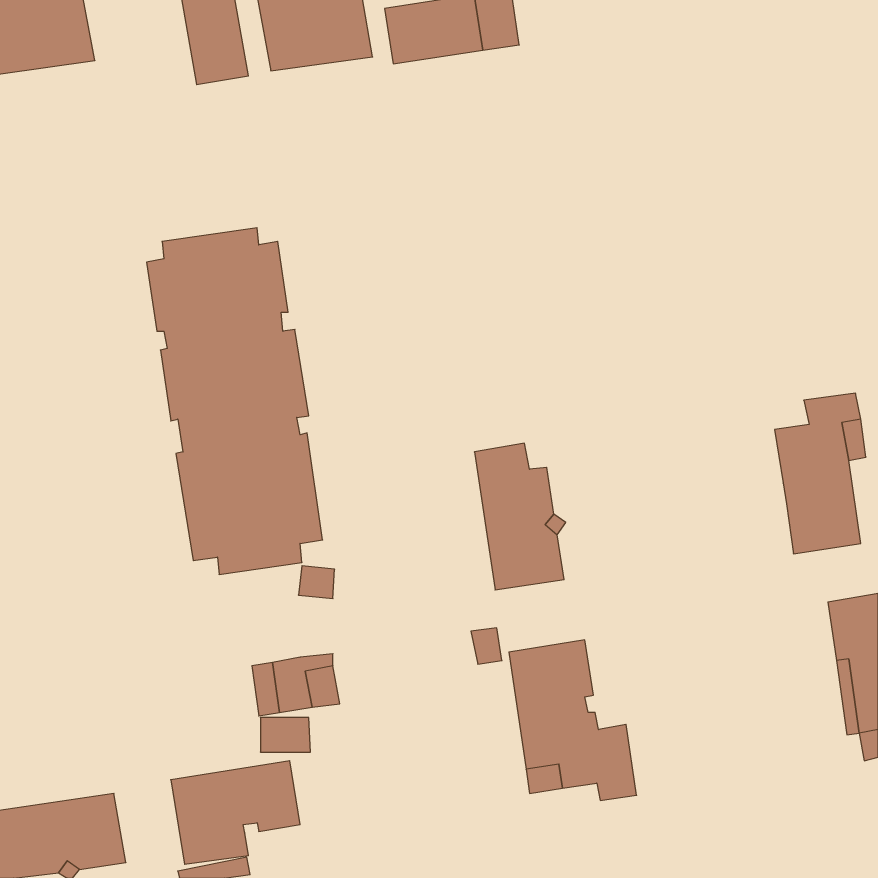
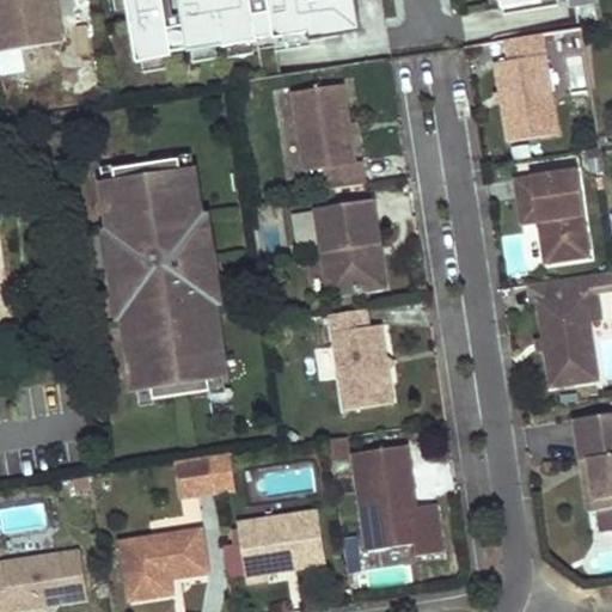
building: none -> [496,32,557,140]
building: none -> [293,82,365,189]
building: none -> [514,169,588,262]
building: none -> [314,200,385,294]
building: none -> [222,510,324,581]

